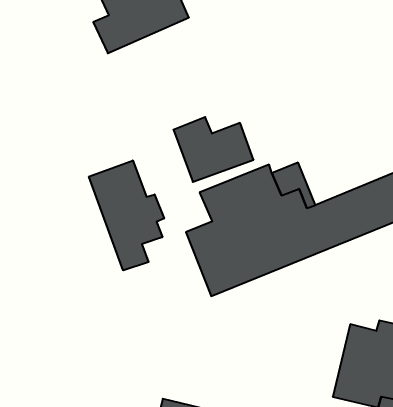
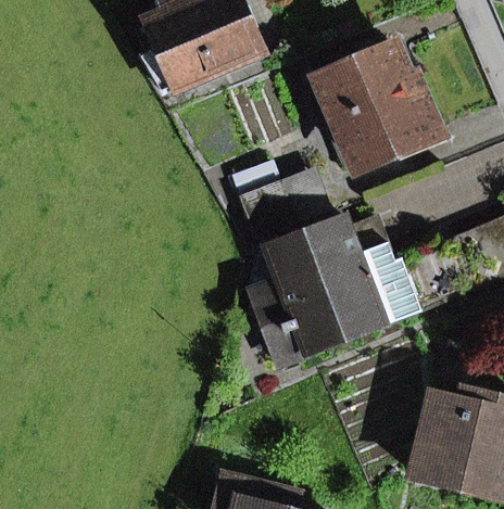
building: none -> [322,39,429,166]
building: [89,160,164,270] -> none

